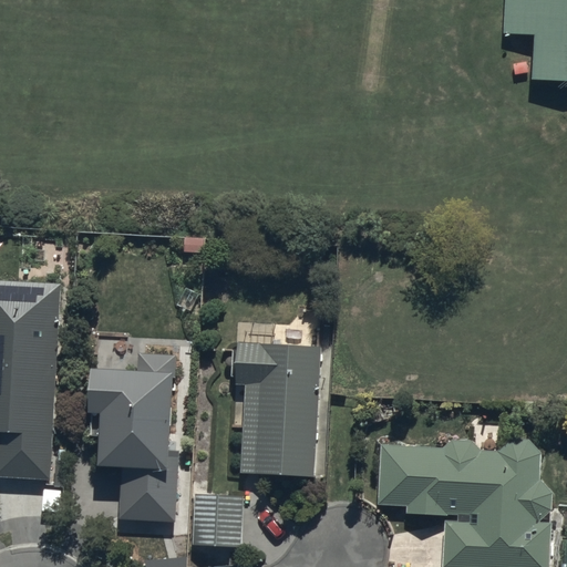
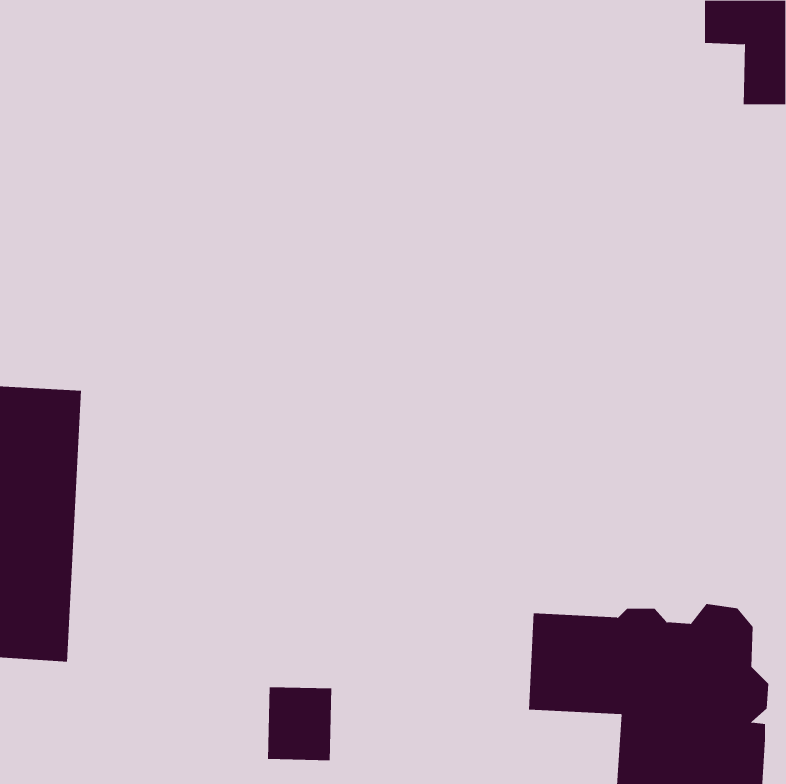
building: [236,344,318,477] -> none
building: [87,354,176,519] -> none

